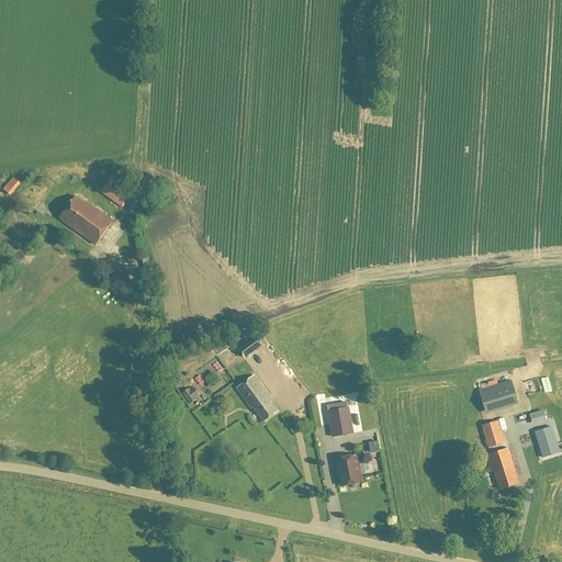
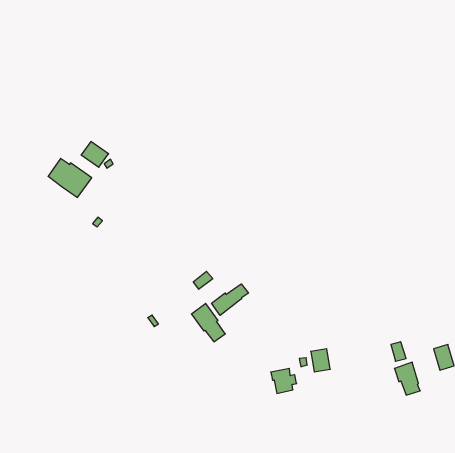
building: none -> [212,284,248,315]
building: [479,380,517,411] -> none
building: [328,407,352,436] -> [311,349,330,372]

